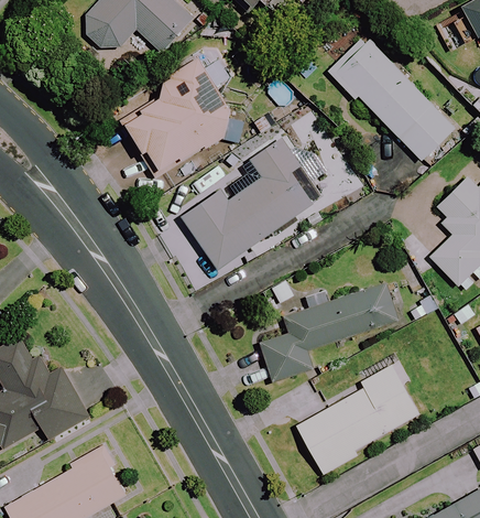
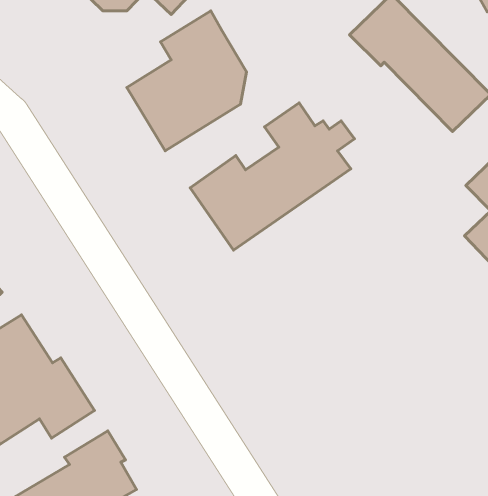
building: [258,278,401,384] -> none
building: [296,365,419,475] -> none

